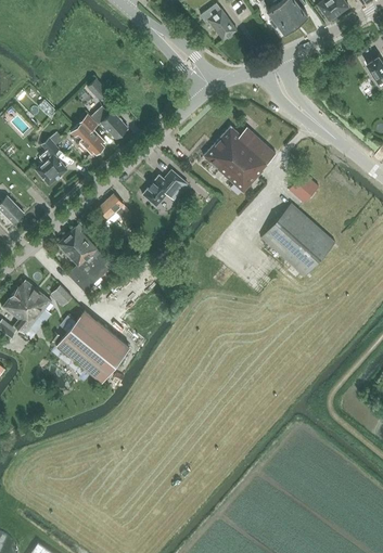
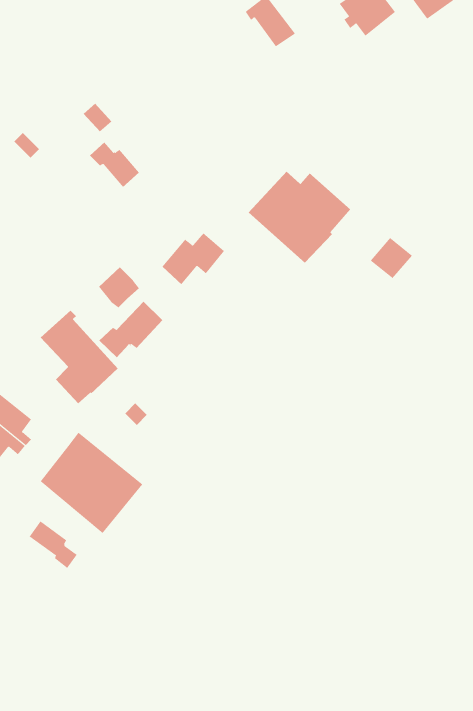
building: [71,114,104,154] -> none
building: [35,139,67,185] -> none
building: [260,204,334,276] -> none
building: none -> [99,301,163,358]
building: none -> [29,521,77,569]

